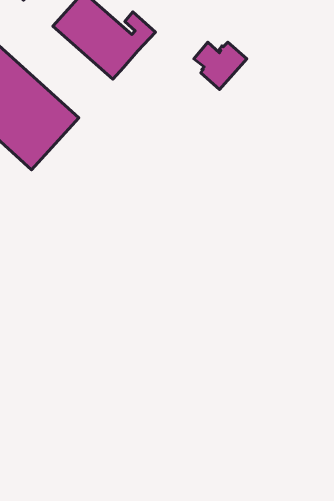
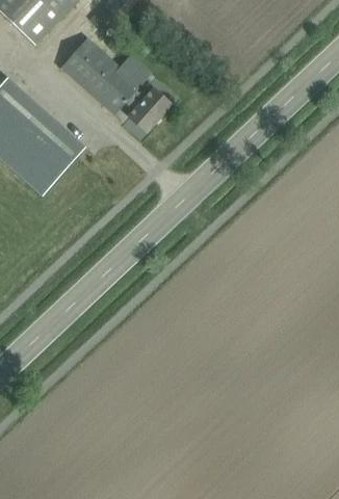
building: [194,42,247,89] -> [124,88,171,130]

